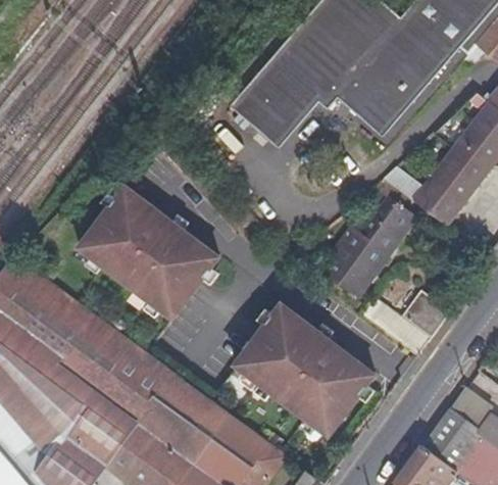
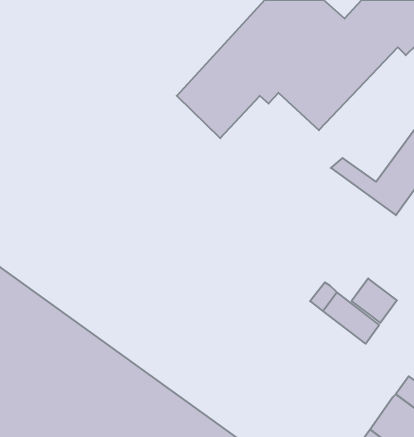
building: [74,188,216,320] -> none
building: [320,188,416,289] -> none
building: [237,305,377,435] -> none

